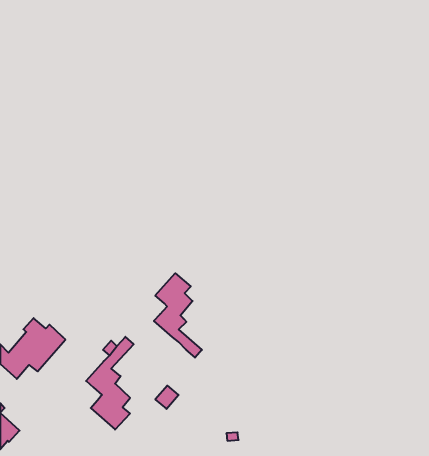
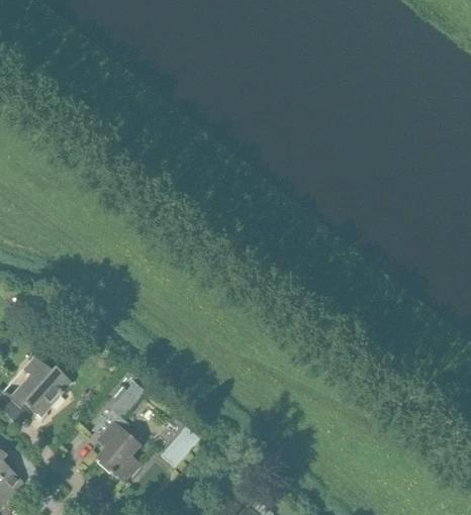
building: [154,273,202,358] -> none

